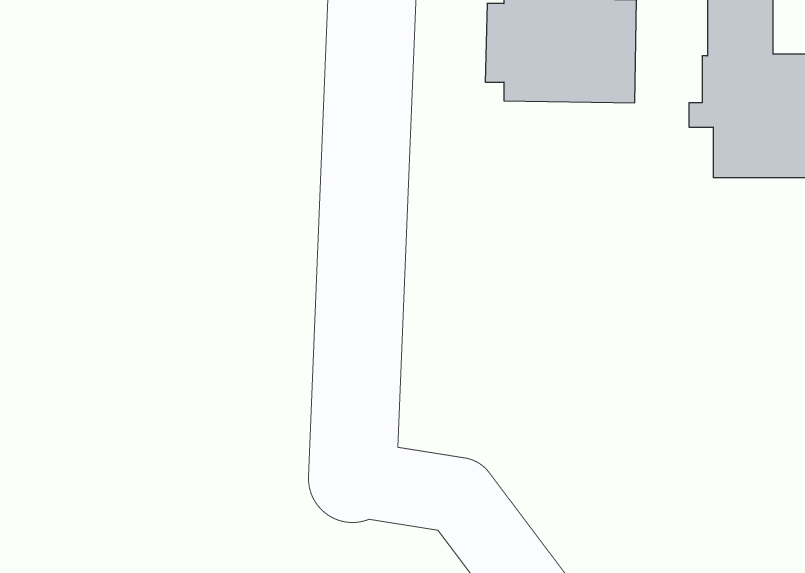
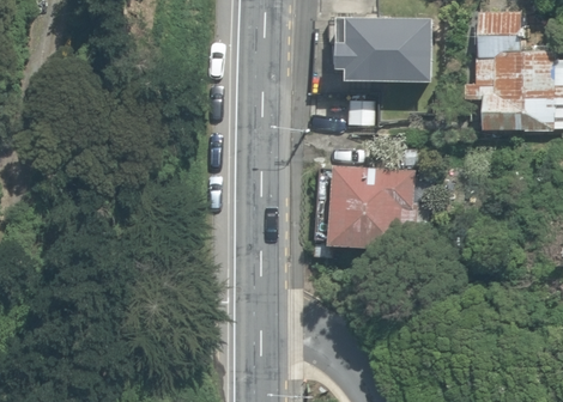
building: none -> [331,165,429,246]

